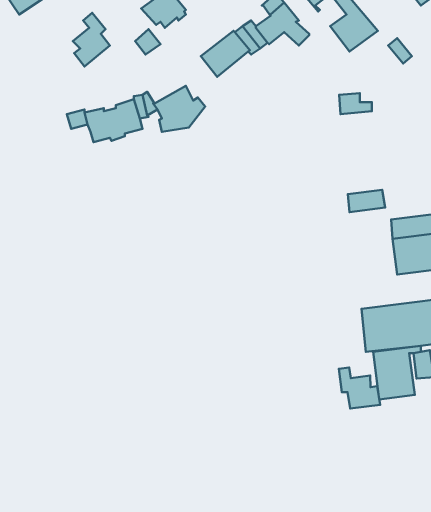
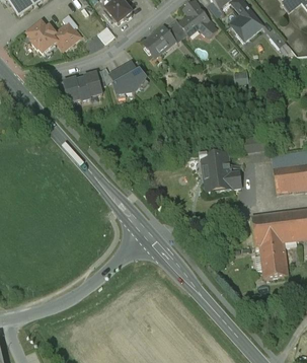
building: none -> [26,22,60,53]
building: none -> [199,153,240,192]
building: [339,368,380,408] -> none

